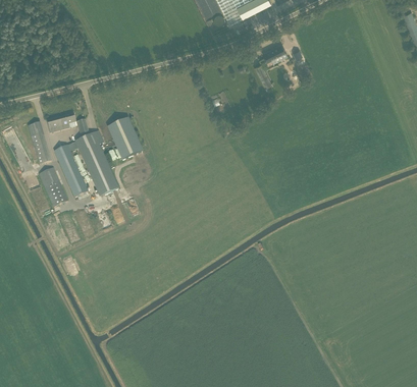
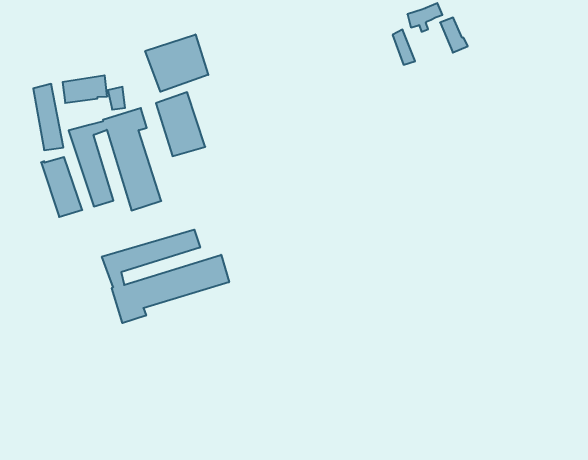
building: none -> [145,34,208,92]
building: none -> [102,230,229,323]

